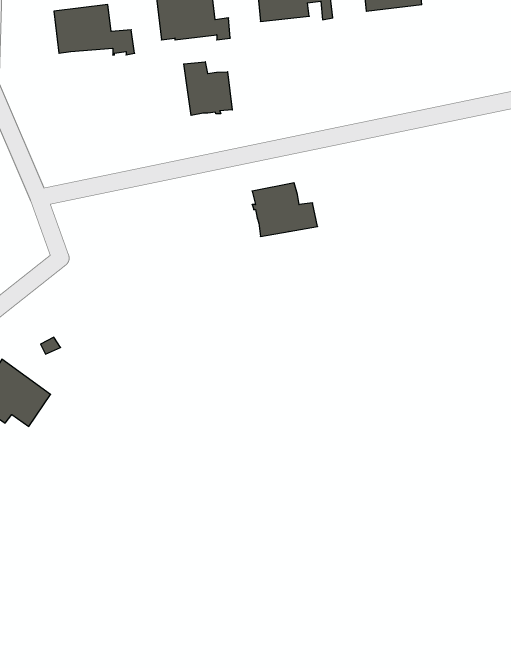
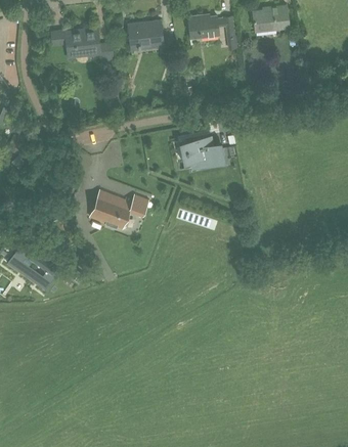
building: [184,62,232,115] -> none
building: none -> [90,190,146,229]

